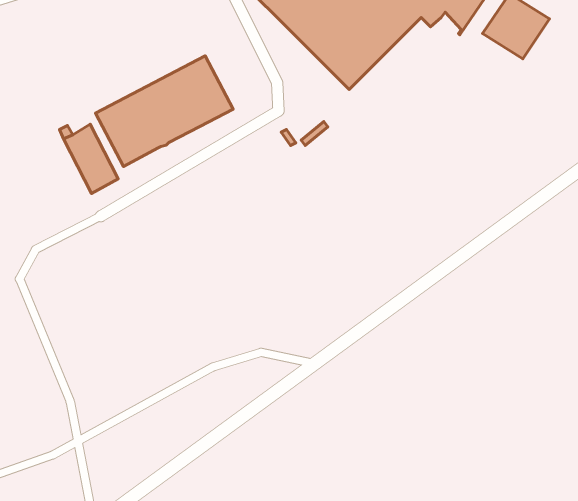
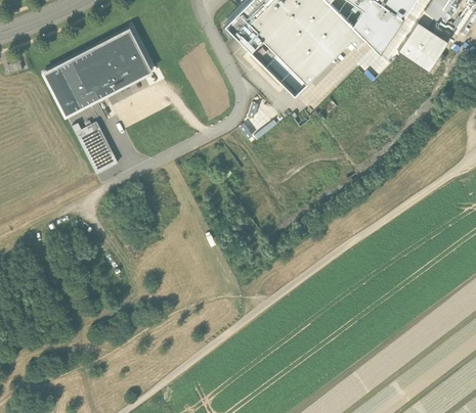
building: [96,56,233,166] -> [45,30,150,114]

